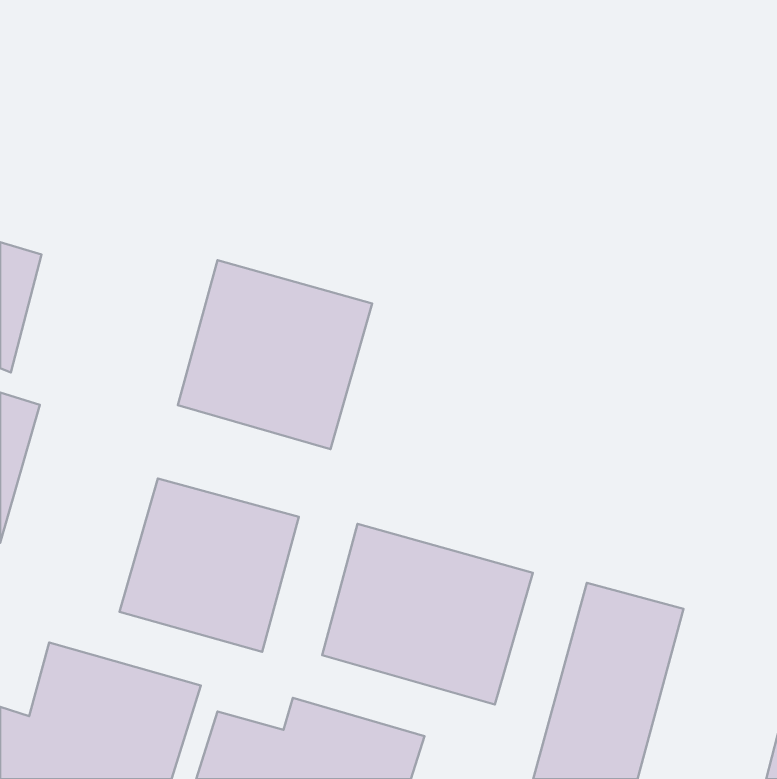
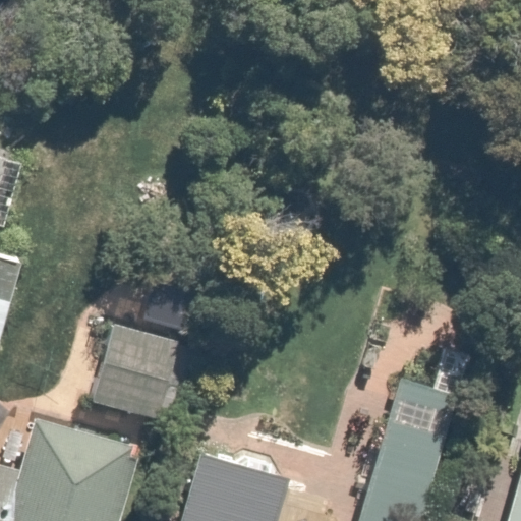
building: [178,260,372,449] -> none
building: [322,524,533,705] -> none

